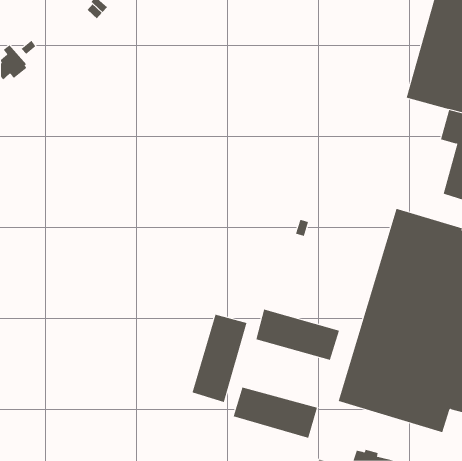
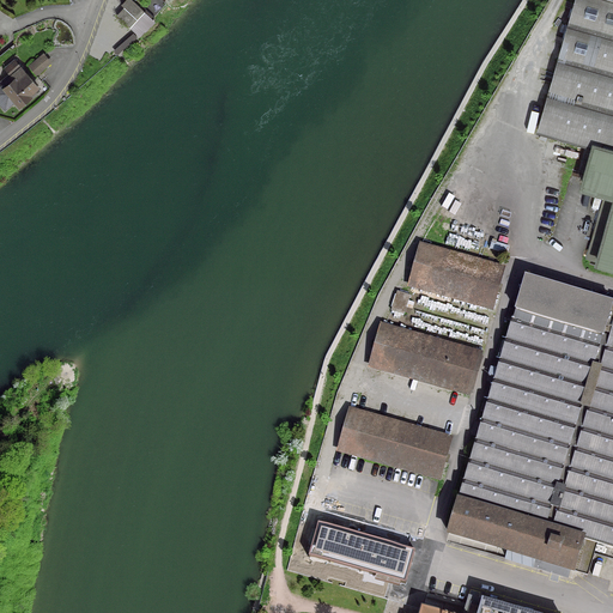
building: none -> [409,243,503,306]
building: none -> [370,324,481,393]
building: [192,314,247,403] -> none

